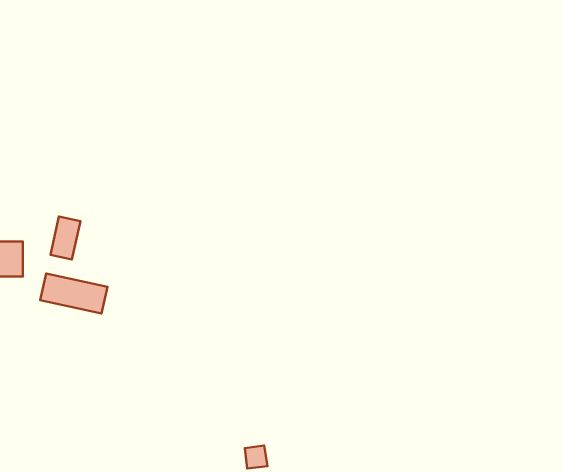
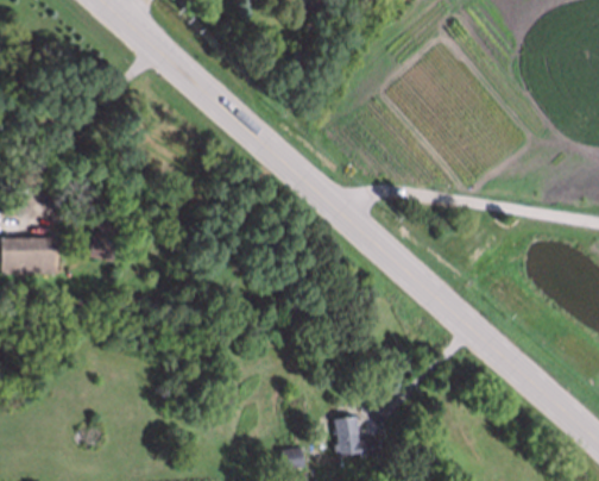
building: [40,273,107,314] -> none
building: none -> [333,413,382,458]

